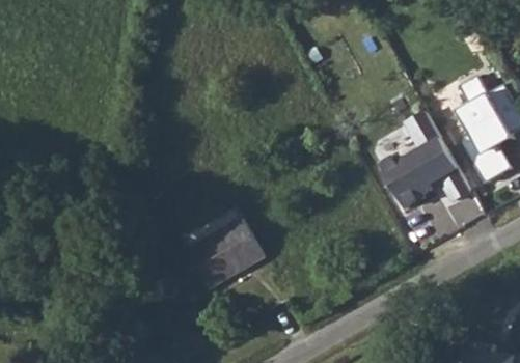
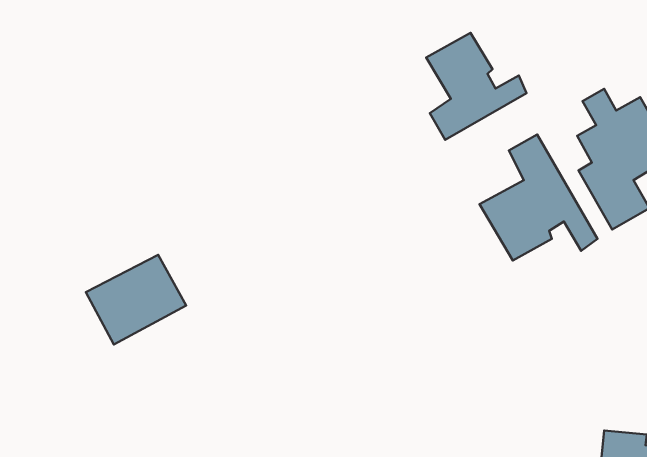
building: none -> [426,33,527,140]
building: [175,213,253,282] -> [86,255,186,344]

